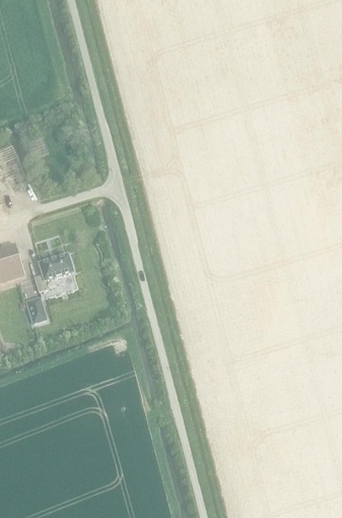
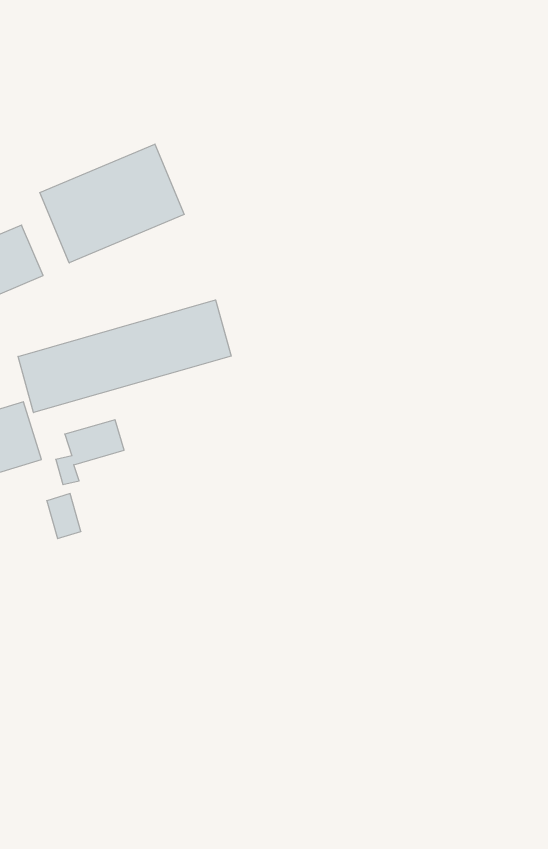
building: none -> [40,144,184,263]
building: none -> [18,300,231,413]

